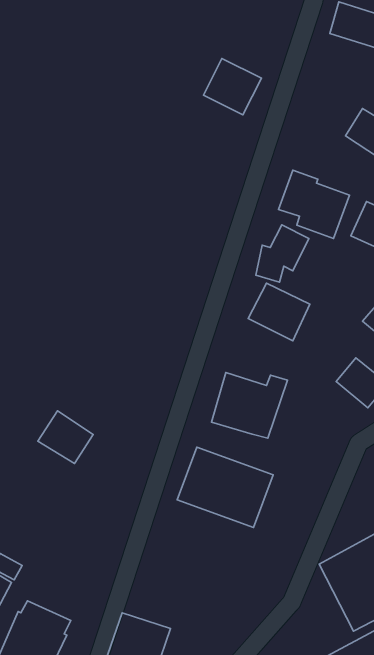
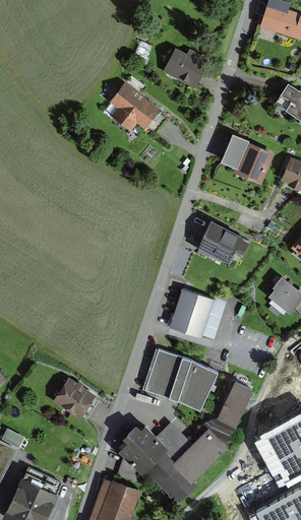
building: none -> [111,83,163,131]
building: [256,225,309,282] -> none
building: [38,411,93,463] -> [52,380,95,420]
building: none -> [118,379,253,502]

